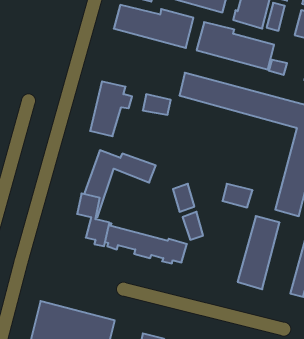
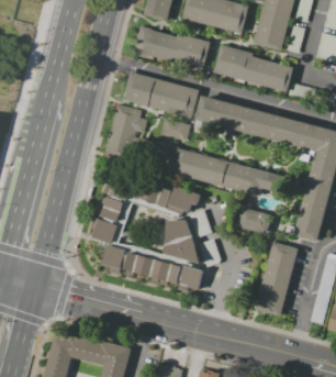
building: none -> [119,70,199,119]
building: none -> [149,143,288,196]
building: none -> [169,186,202,212]
building: none -> [164,219,202,264]

